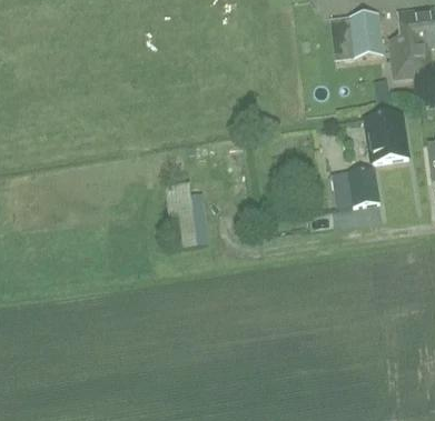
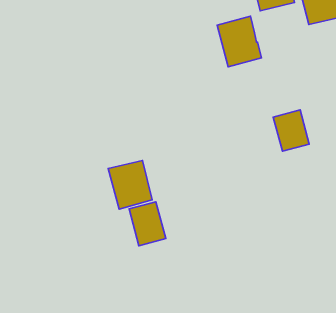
building: [365,112,407,162] -> [217,16,261,67]
building: none -> [129,202,166,246]

